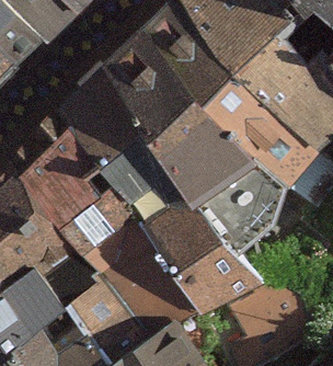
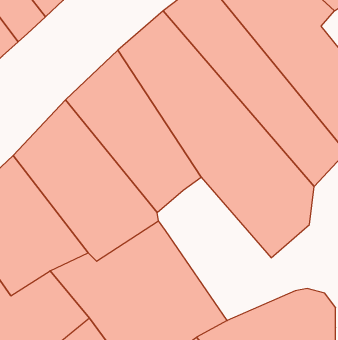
building: [163,182,283,314] -> none

